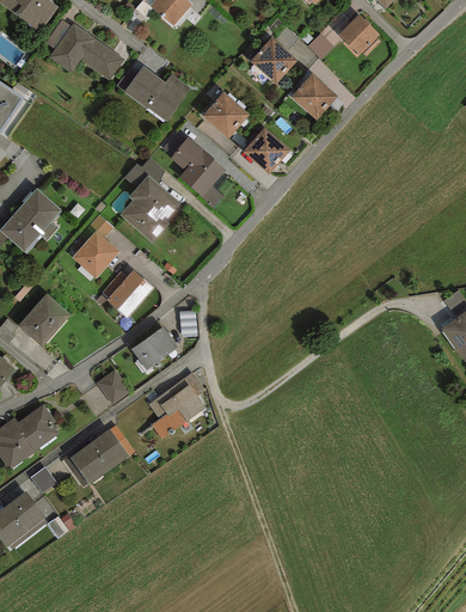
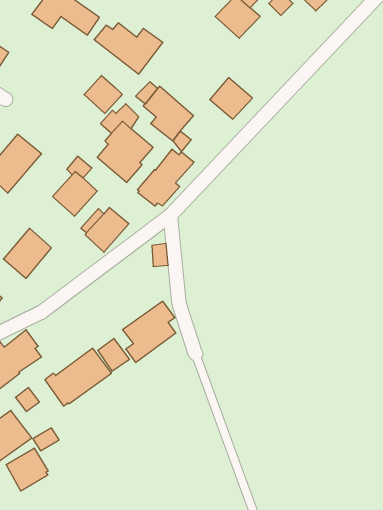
building: [289,72,337,120] -> none
building: [202,91,249,139] -> none
building: none -> [84,75,122,113]
building: none -> [137,149,194,206]
building: [130,325,177,368] -> none
building: [96,369,130,405] -> [98,338,129,371]
building: none -> [6,448,48,491]

